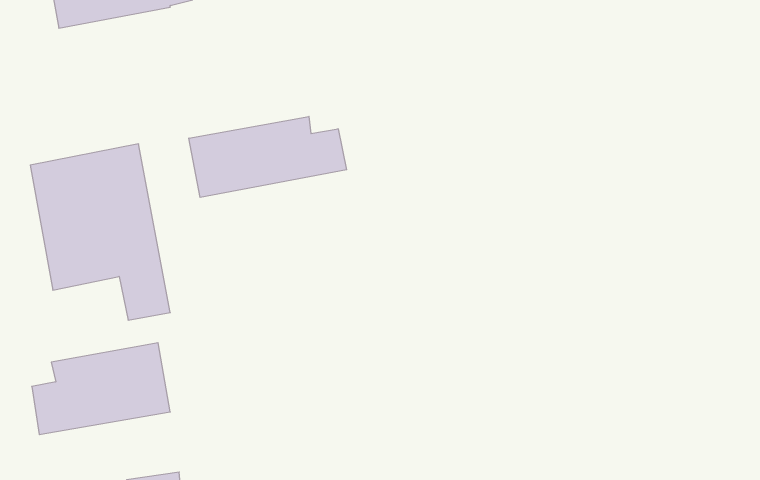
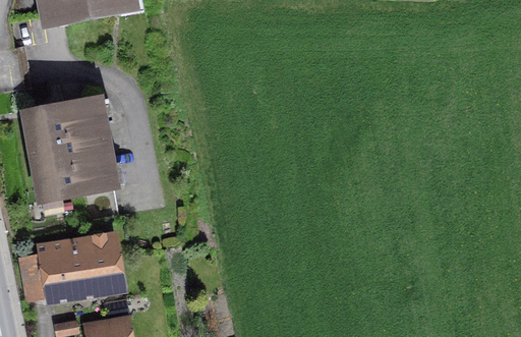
building: [189,116,347,197] -> none

